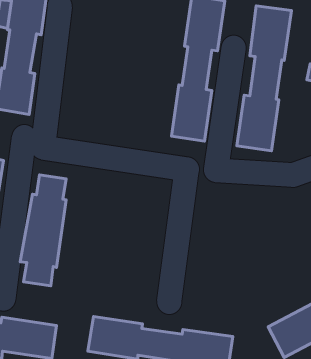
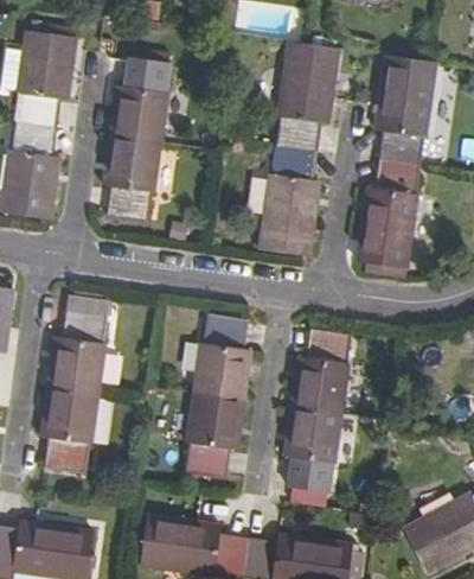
building: none -> [105,57,171,218]
building: none -> [182,313,249,475]
building: none -> [284,329,348,491]

